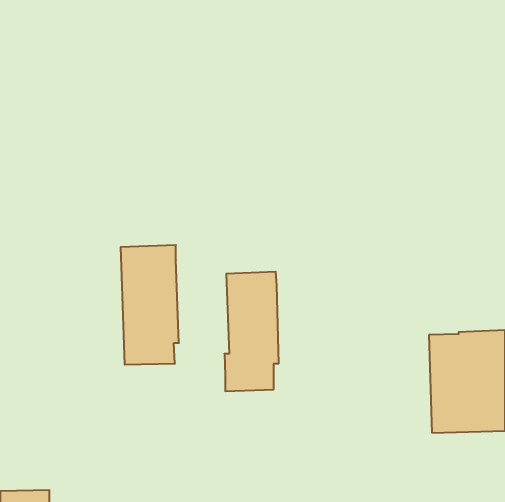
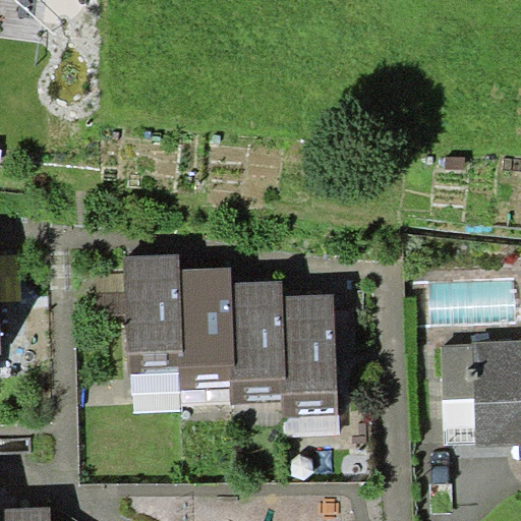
building: none -> [179,269,236,392]
building: none -> [282,296,340,418]

